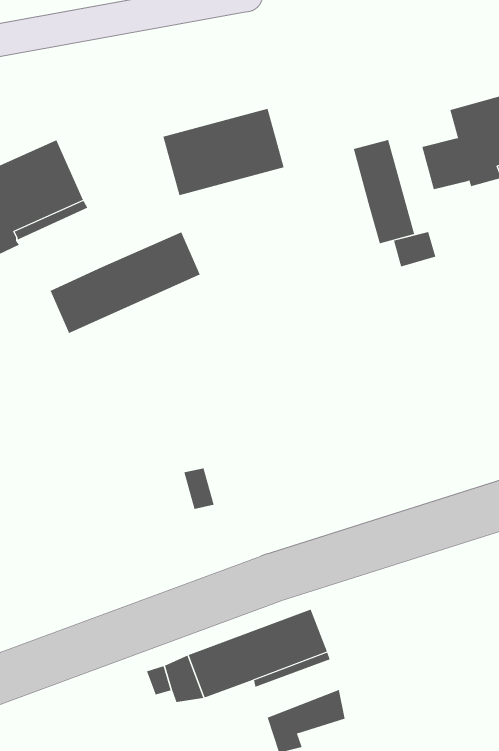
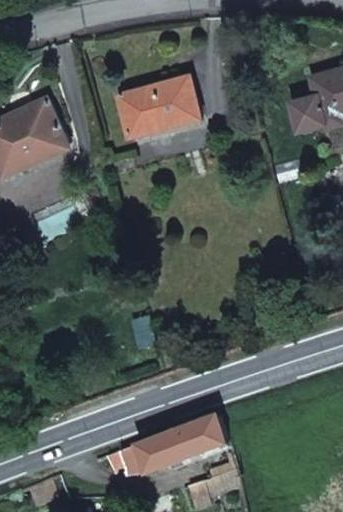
building: [353,139,415,244] -> none
building: [50,232,201,334] -> none

